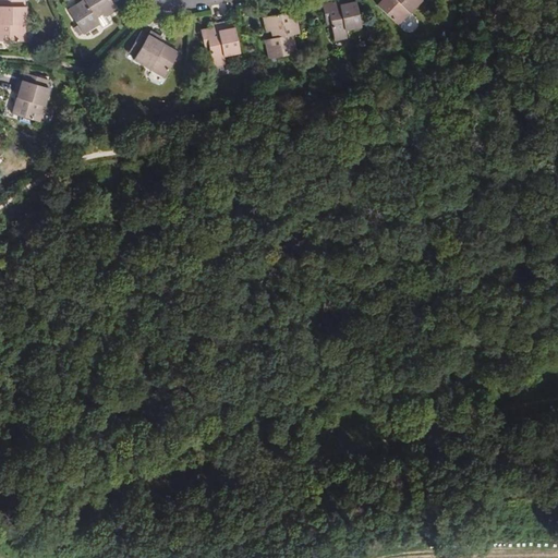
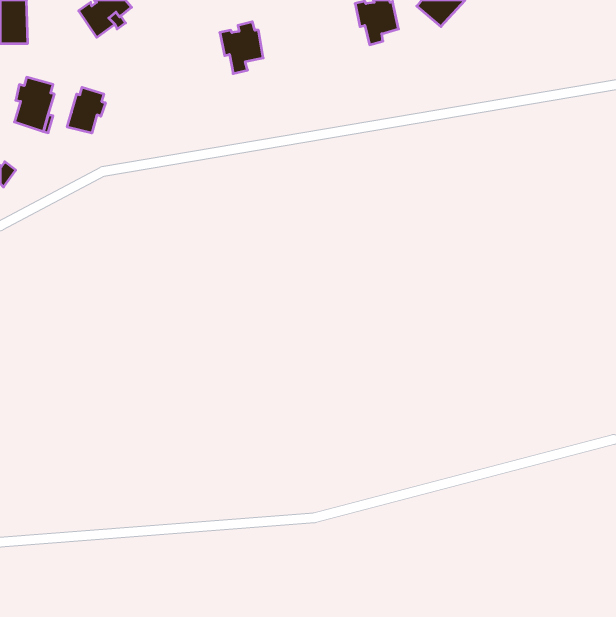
building: [263,10,298,59] -> none
building: [129,29,179,75] -> none
building: none -> [67,87,105,133]

